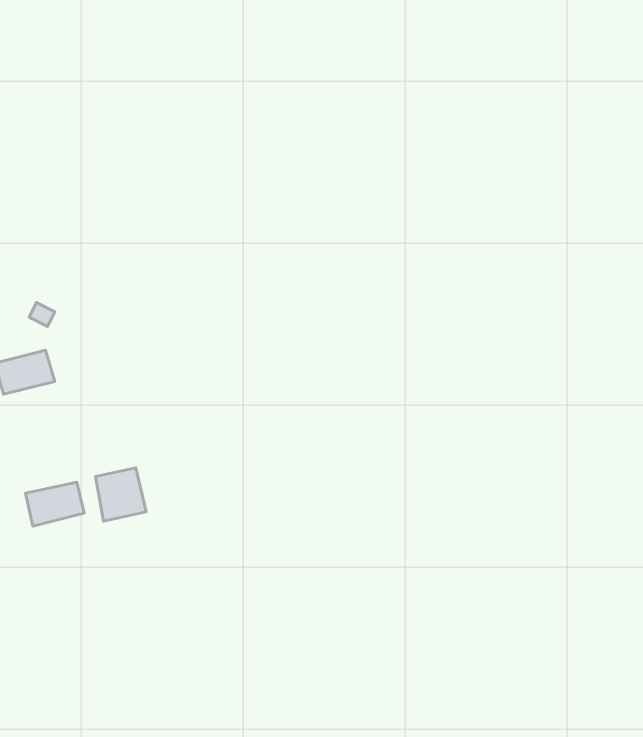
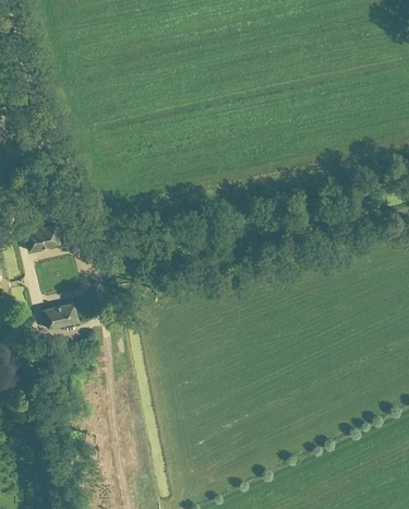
building: [95,468,146,521] -> none

